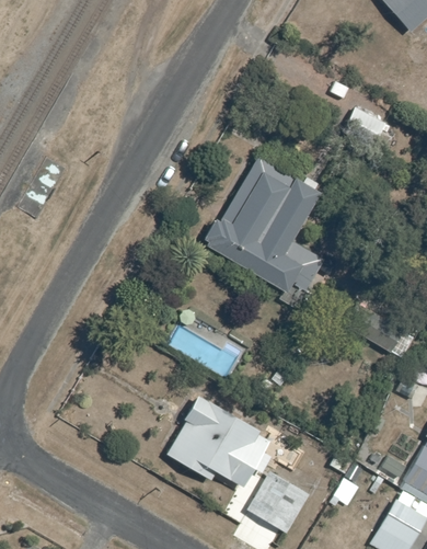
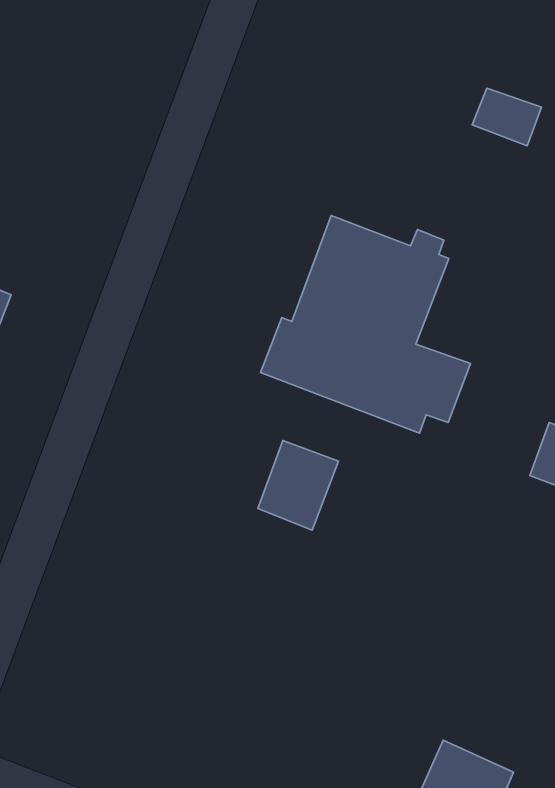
building: none -> [258,440,338,530]
building: [165,394,270,487] -> none

